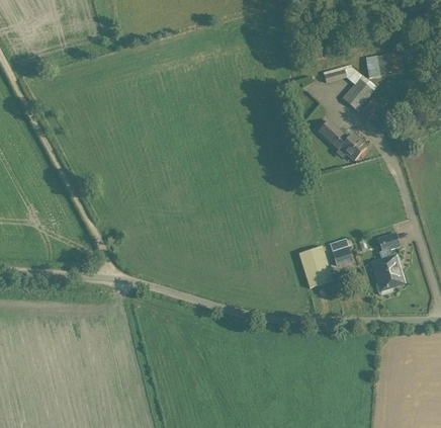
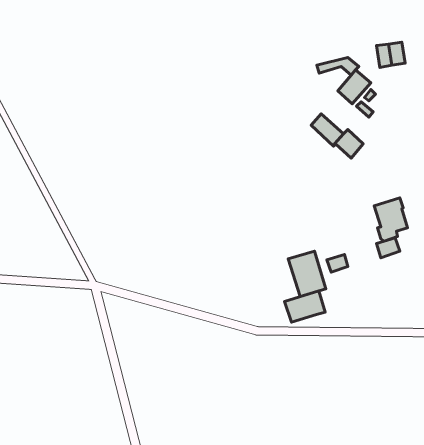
building: [372,255,403,294] -> [374,198,407,241]
building: none -> [284,291,325,322]

